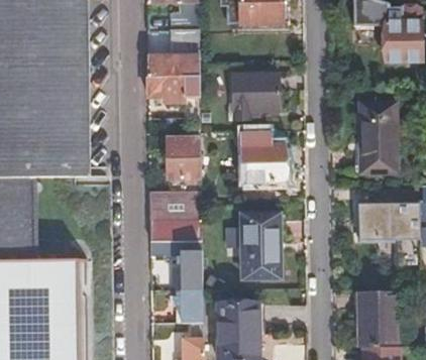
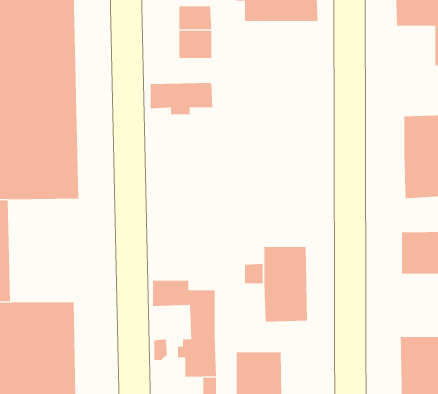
building: [147,55,200,77] -> none
building: [234,75,280,120] -> none
building: [242,131,286,182] -> none
building: [148,139,203,242] -> none

